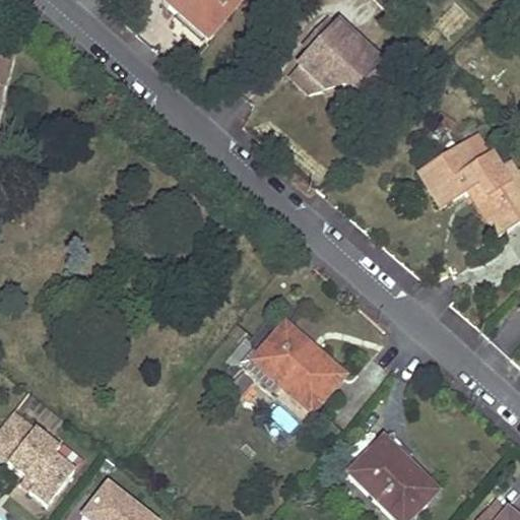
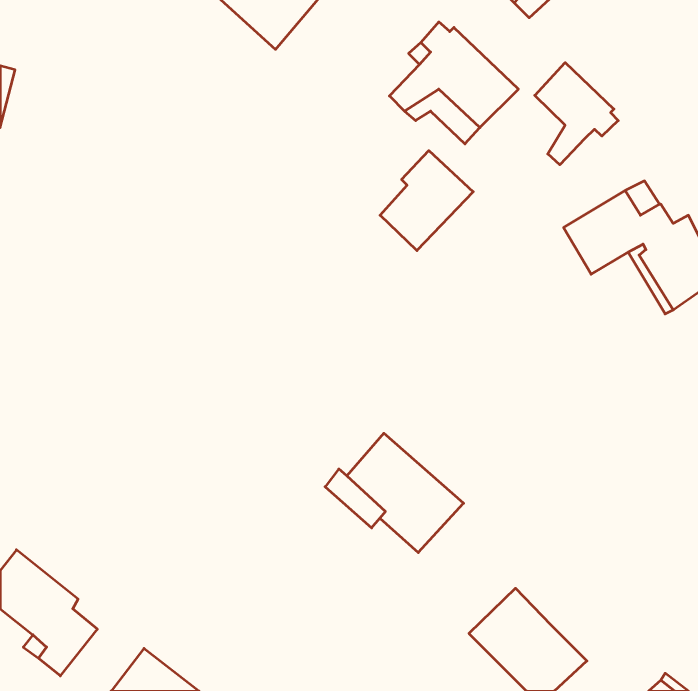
building: none -> [535,63,618,165]
building: none -> [380,151,473,251]

